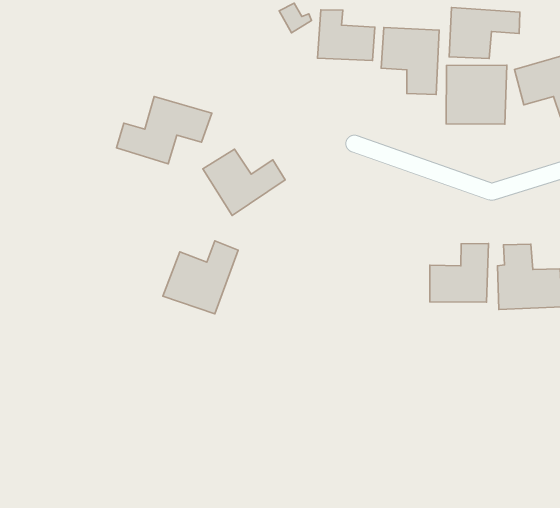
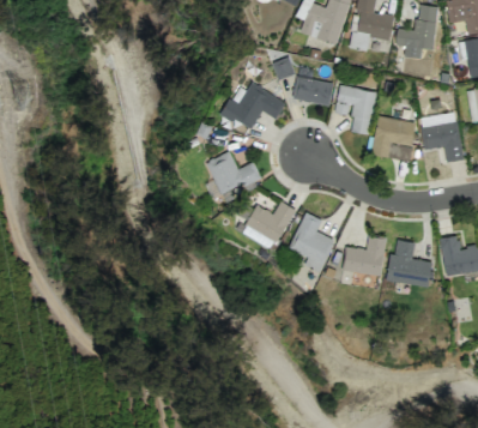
building: [449,7,520,58] -> none
building: [117,97,212,164] -> [220,83,286,128]
building: none -> [290,211,334,271]
building: [163,241,238,314] -> [241,200,295,248]

